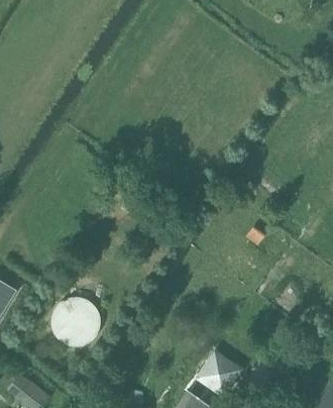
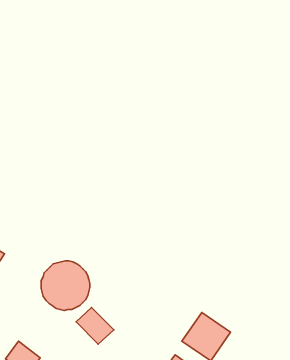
building: none -> [76,308,114,344]

